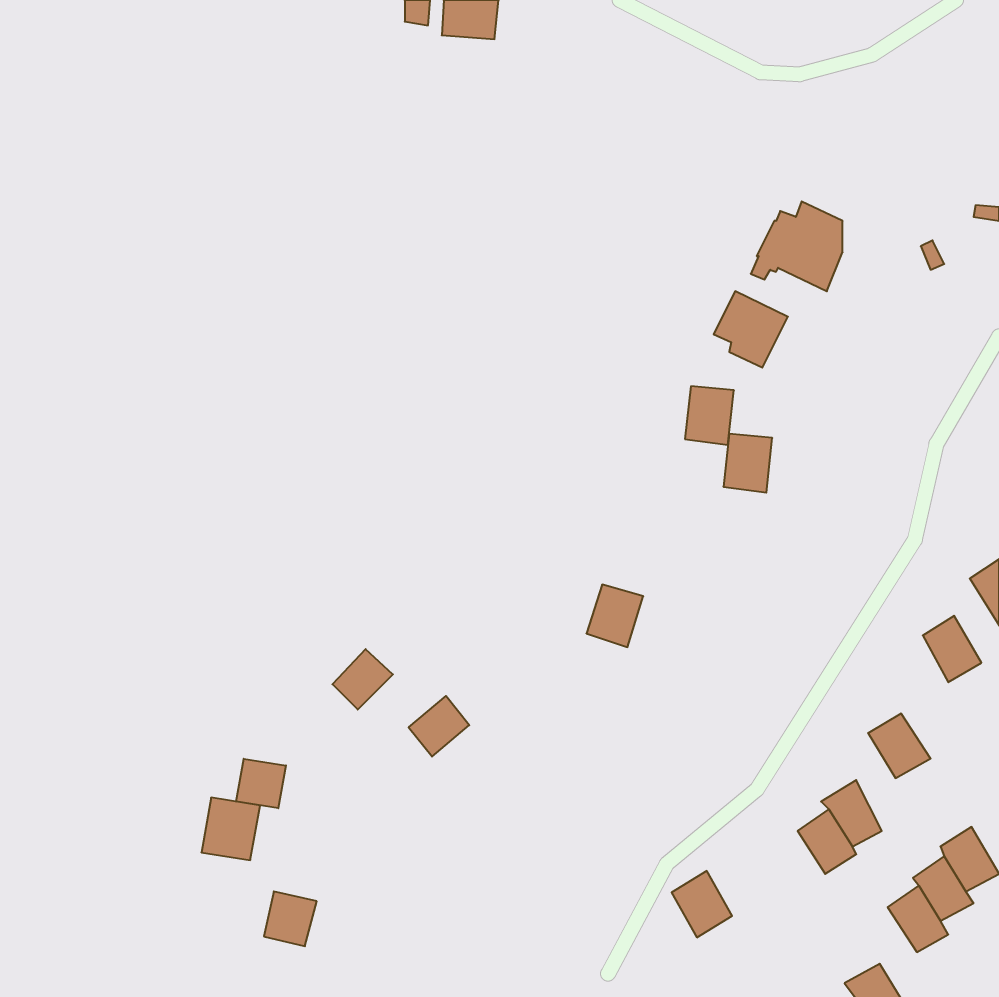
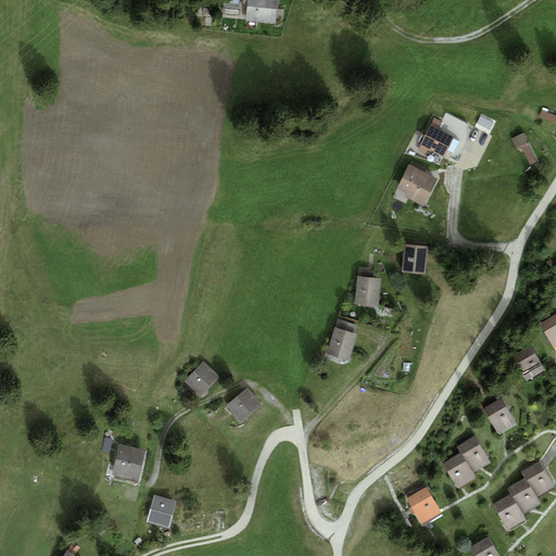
building: [685,386,734,445] -> [354,275,381,307]
building: [236,759,286,808] -> none
building: [672,871,732,937] -> [407,485,441,522]

